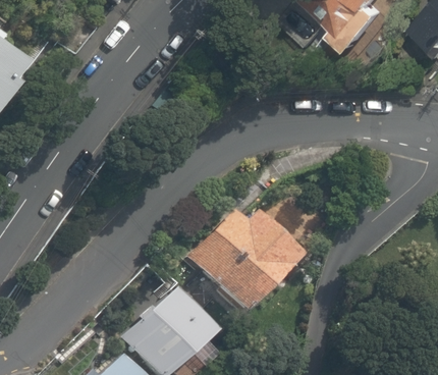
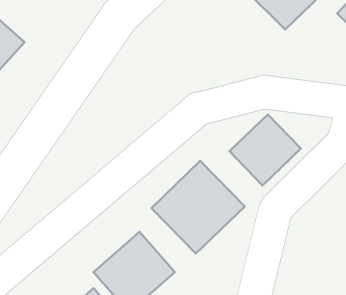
building: none -> [230,114,301,185]

